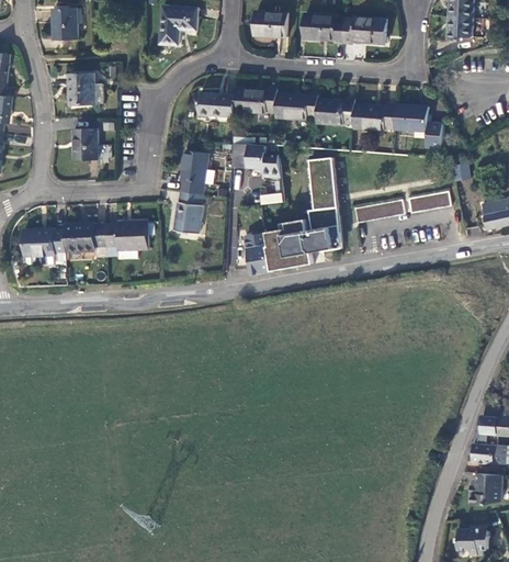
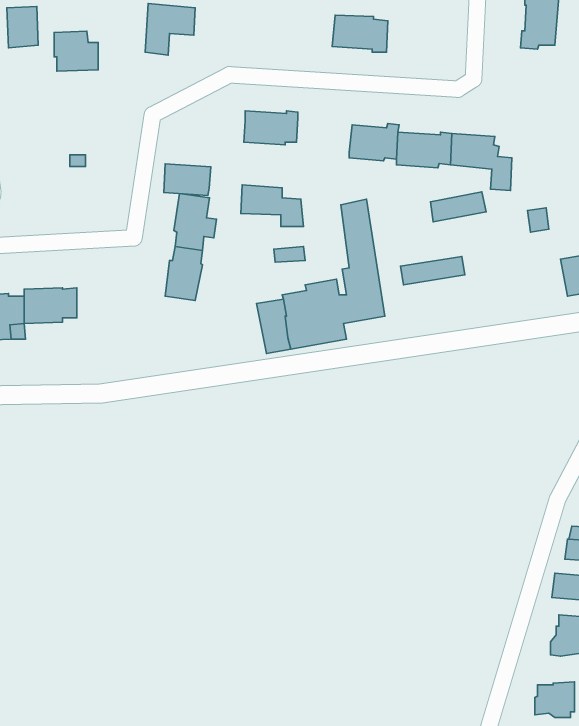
building: [253,11,286,36] -> none
building: [343,15,385,43] -> none
building: [68,74,102,104] -> [54,31,98,71]
building: [199,92,235,116] -> [164,164,211,195]
building: [274,92,317,120] -> none
building: [72,127,97,159] -> none
building: [408,189,451,212] -> [430,192,486,222]
building: [105,221,147,250] -> none

